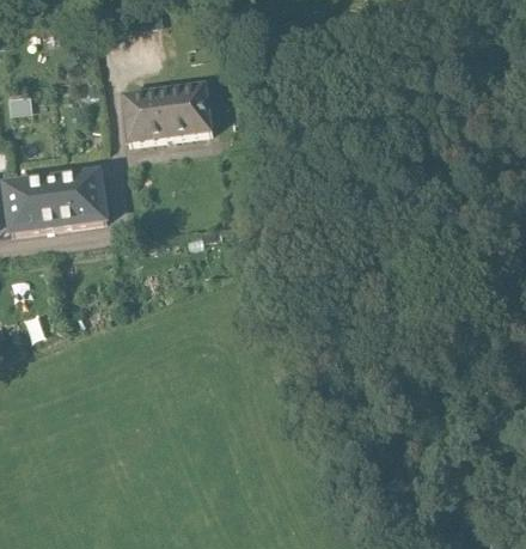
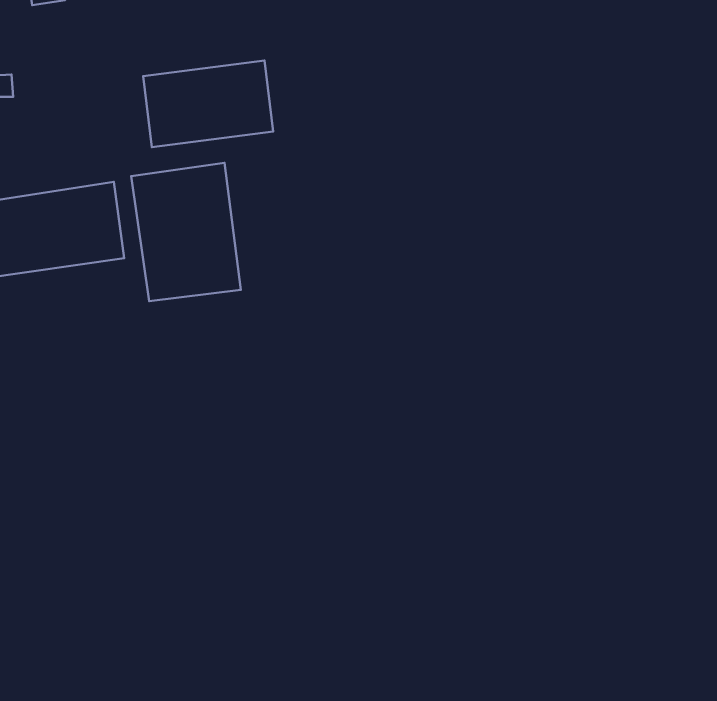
building: none -> [131,163,241,301]

